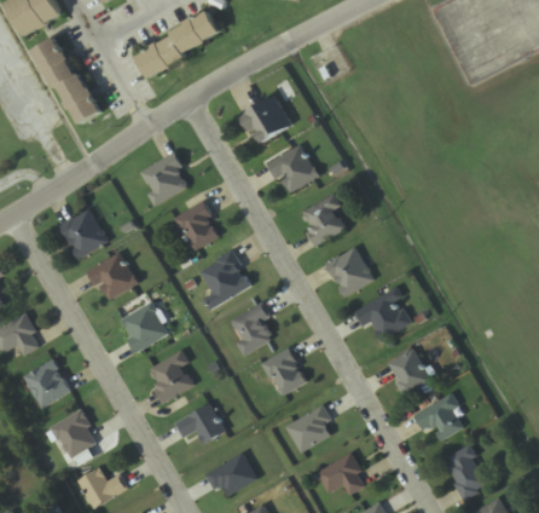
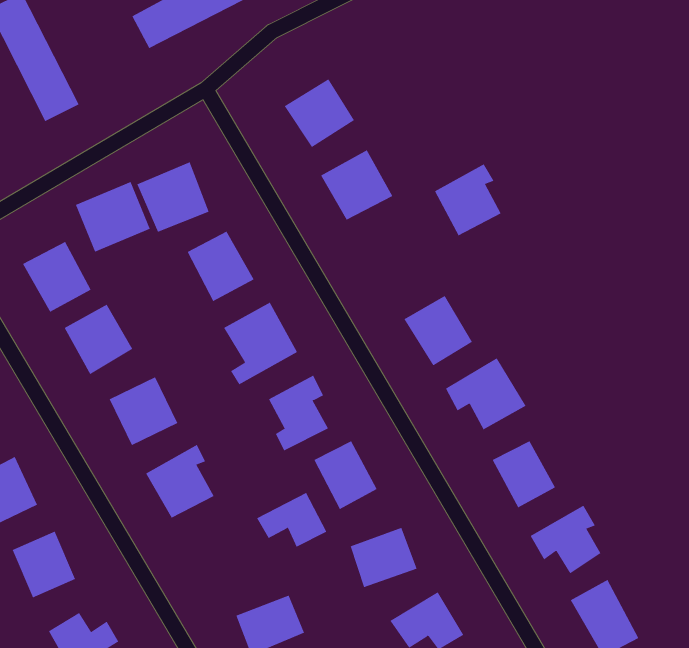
building: none -> [75,181,151,252]
building: [299,194,346,244] -> [434,163,502,236]
building: [175,404,225,443] -> [256,492,327,547]

